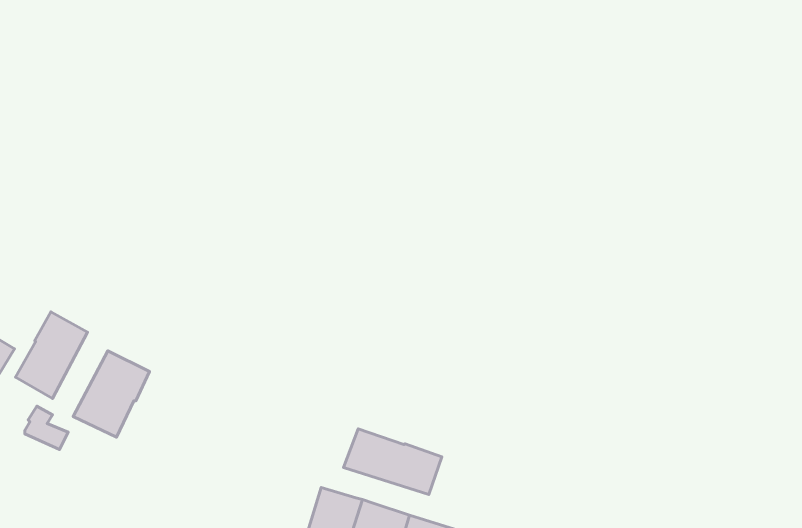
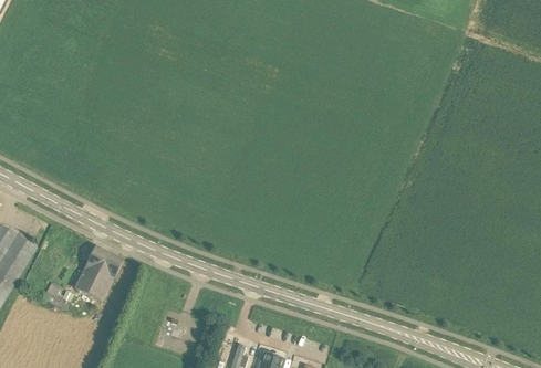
building: [15,312,87,398] -> none
building: [344,429,442,494] -> none

